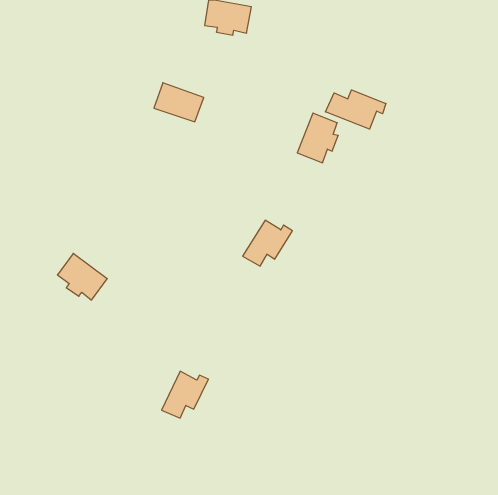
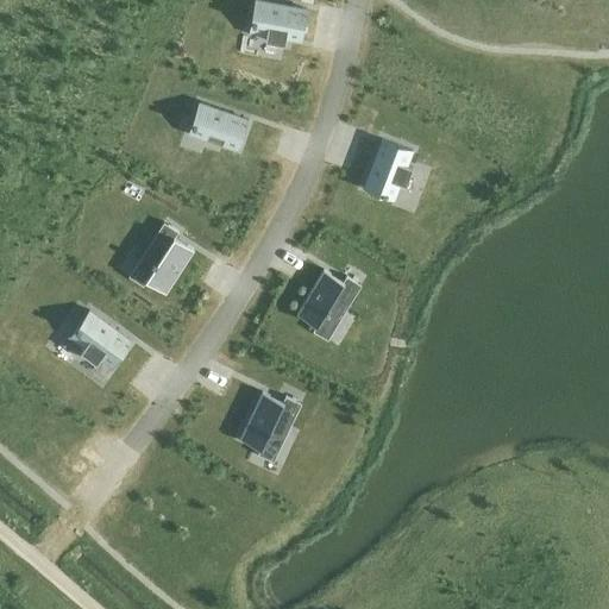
building: [325,90,386,129] -> none
building: none -> [142,227,194,295]
building: [162,371,208,418] -> [239,394,296,451]

